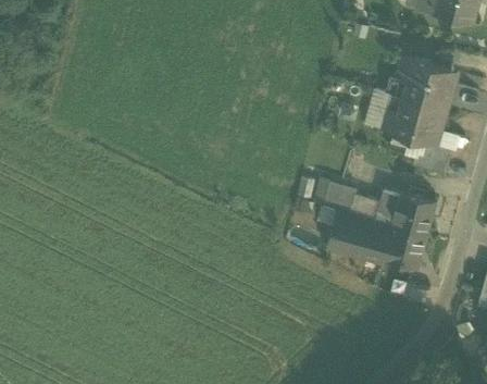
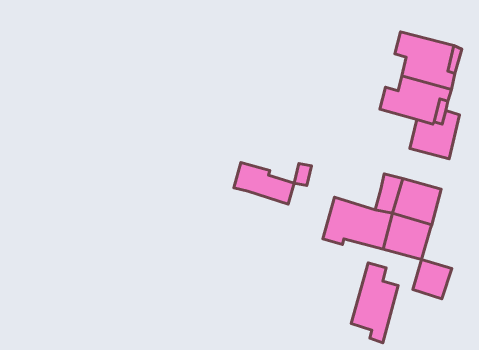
building: [323,183,379,222] -> [234,162,294,204]
building: none -> [413,260,452,299]
building: none -> [351,263,398,343]

